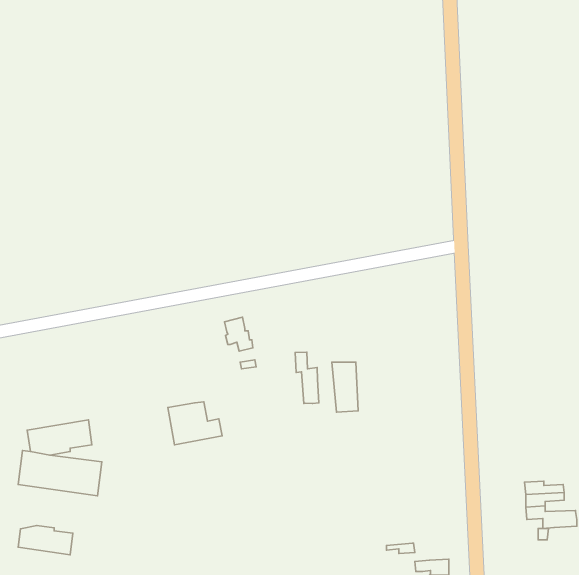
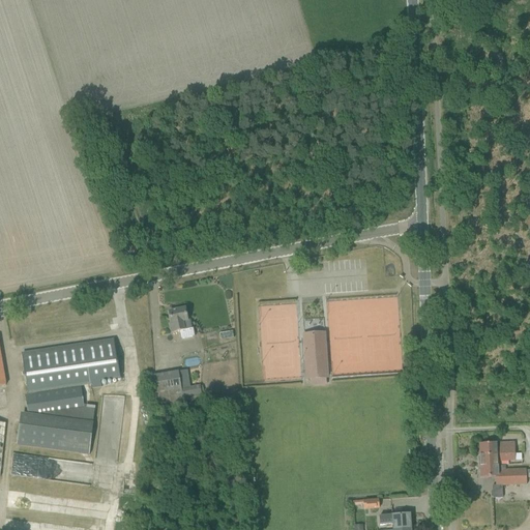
building: [225,317,253,351] -> [169,305,195,336]
building: [295,352,319,404] -> none
building: none -> [22,337,120,389]
building: [18,525,73,555] -> none

